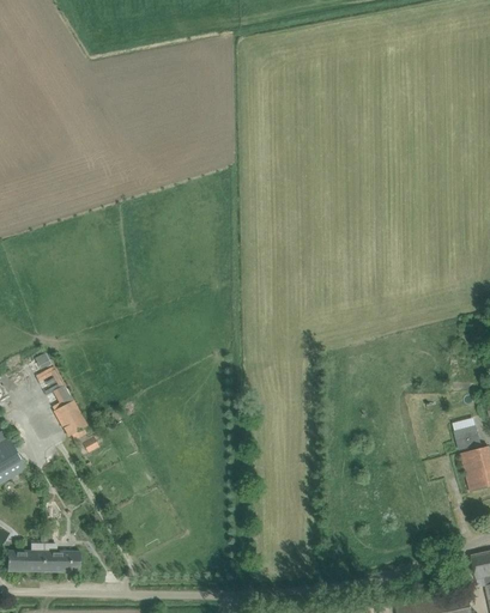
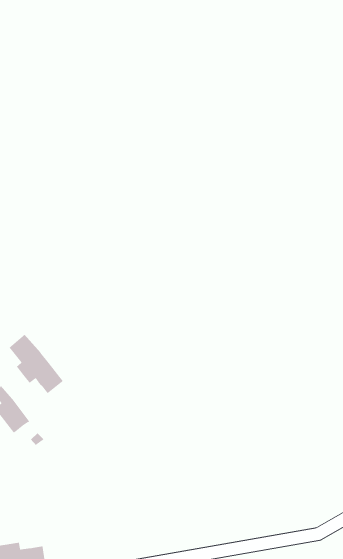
building: none -> [9,334,64,394]

